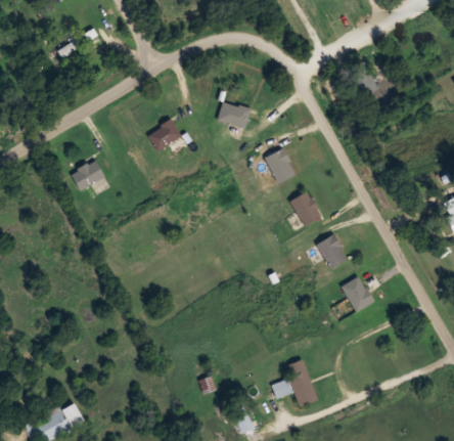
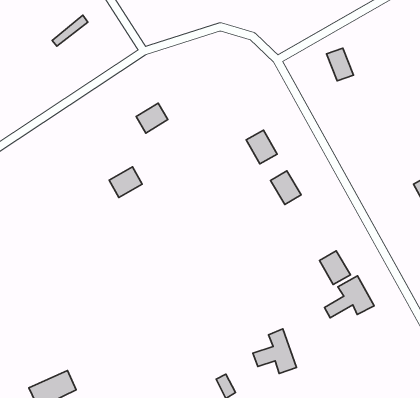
building: [218,102,249,128] -> none
building: [71,159,105,191] -> [109,167,142,198]
building: [317,235,347,269] -> none
building: none -> [324,276,374,318]

